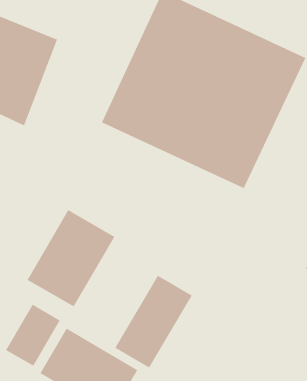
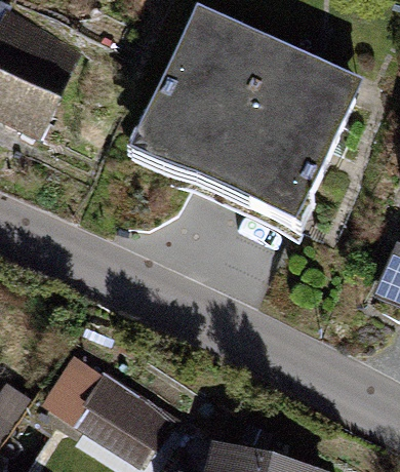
building: [27,209,115,307] -> none
building: [115,275,193,369] -> none

